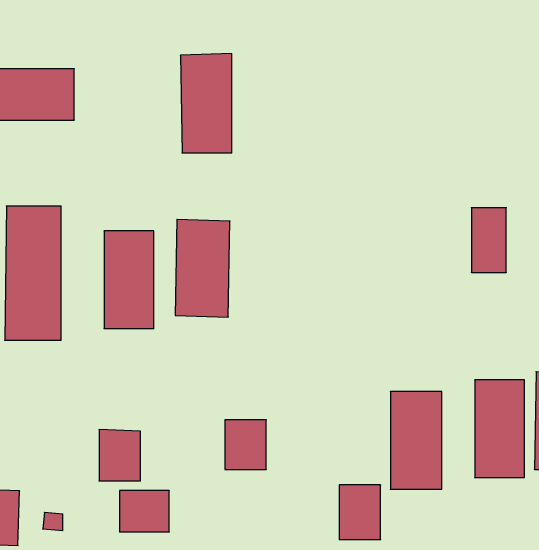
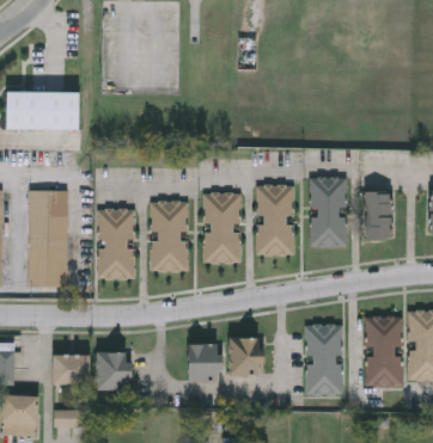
building: [180,54,232,153] -> [205,191,242,263]
building: none -> [311,176,348,246]
building: none -> [258,184,294,253]
building: [339,485,381,540] -> [227,337,257,376]
building: [120,491,169,532] -> [53,353,89,383]

